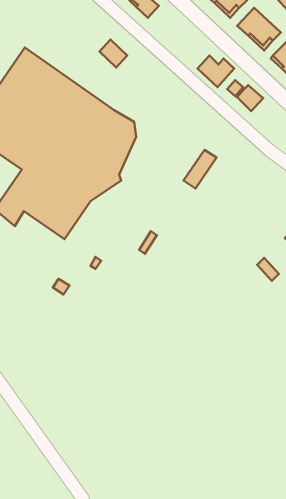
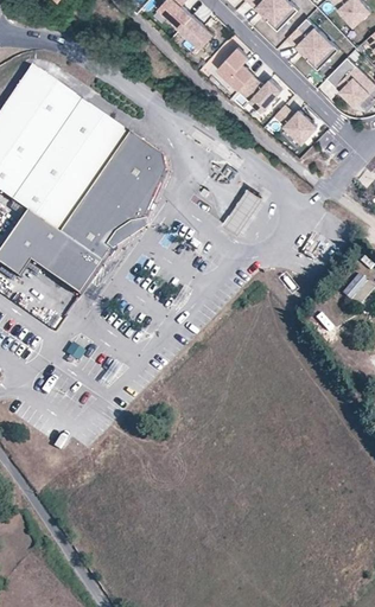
building: none -> [216,46,253,89]
building: [99,40,127,67] -> [179,14,212,47]

